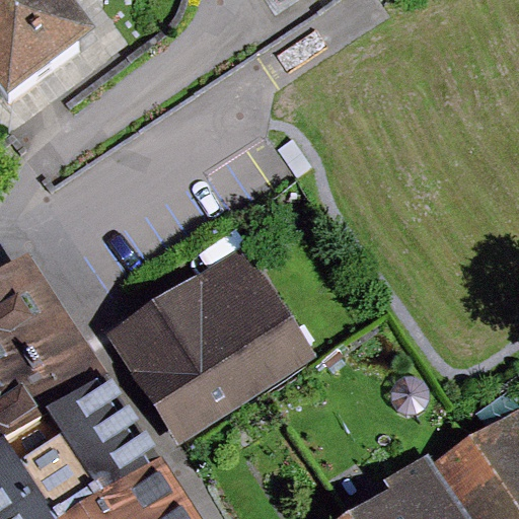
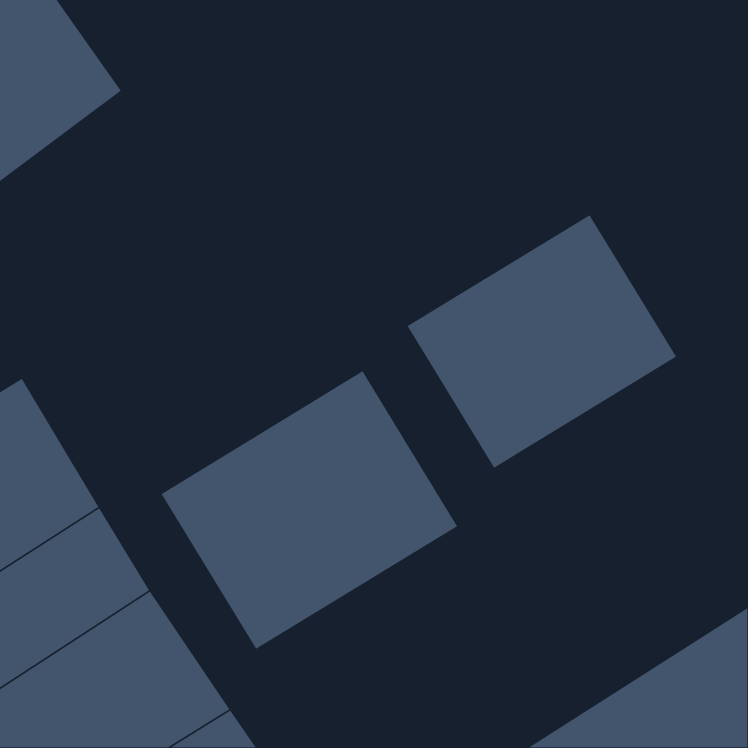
building: none -> [407,214,677,469]

